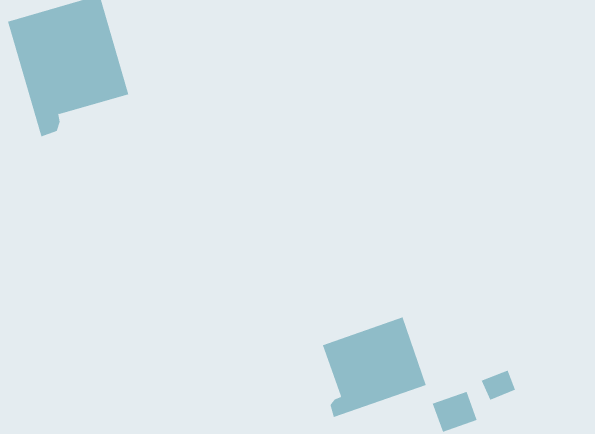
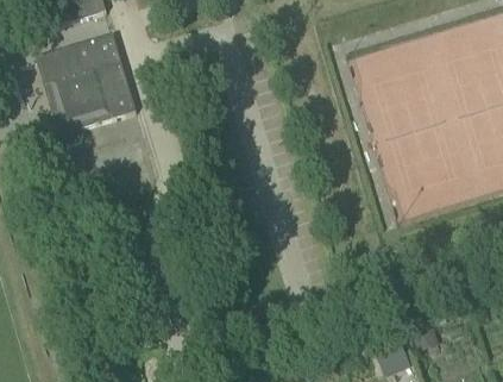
building: [322,317,426,418] -> none

